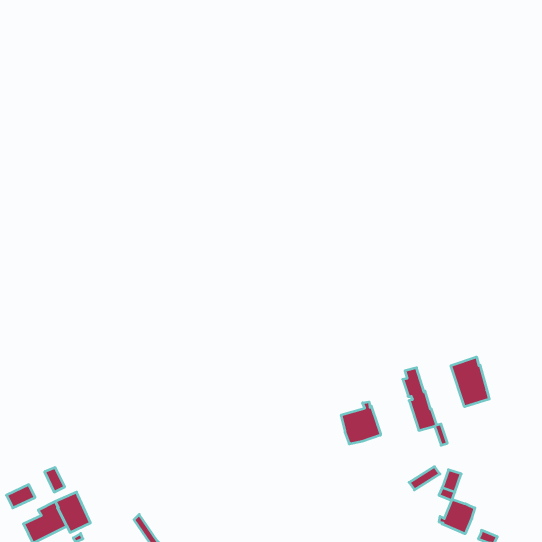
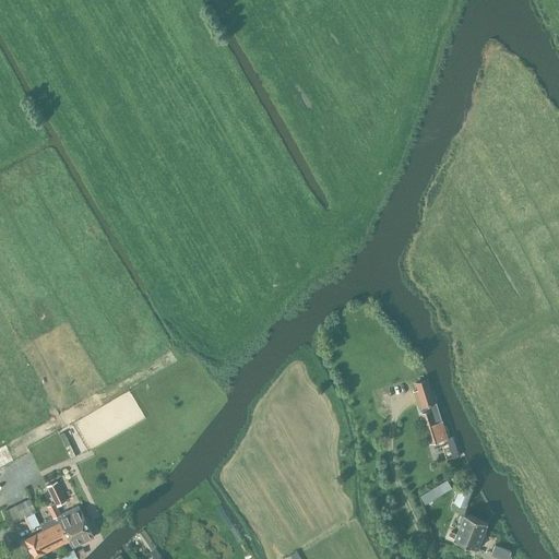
building: [451,357,489,407] -> none
building: [341,402,381,444] -> none

